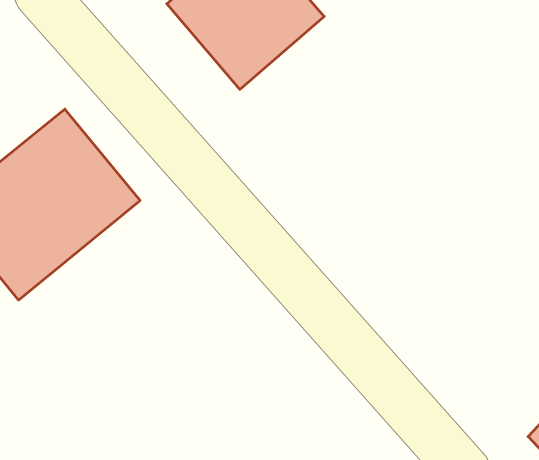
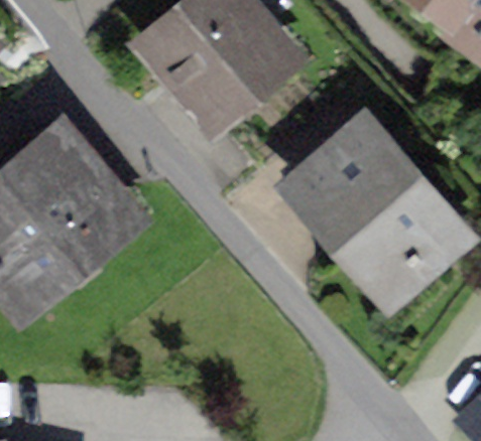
building: none -> [300,134,453,290]

